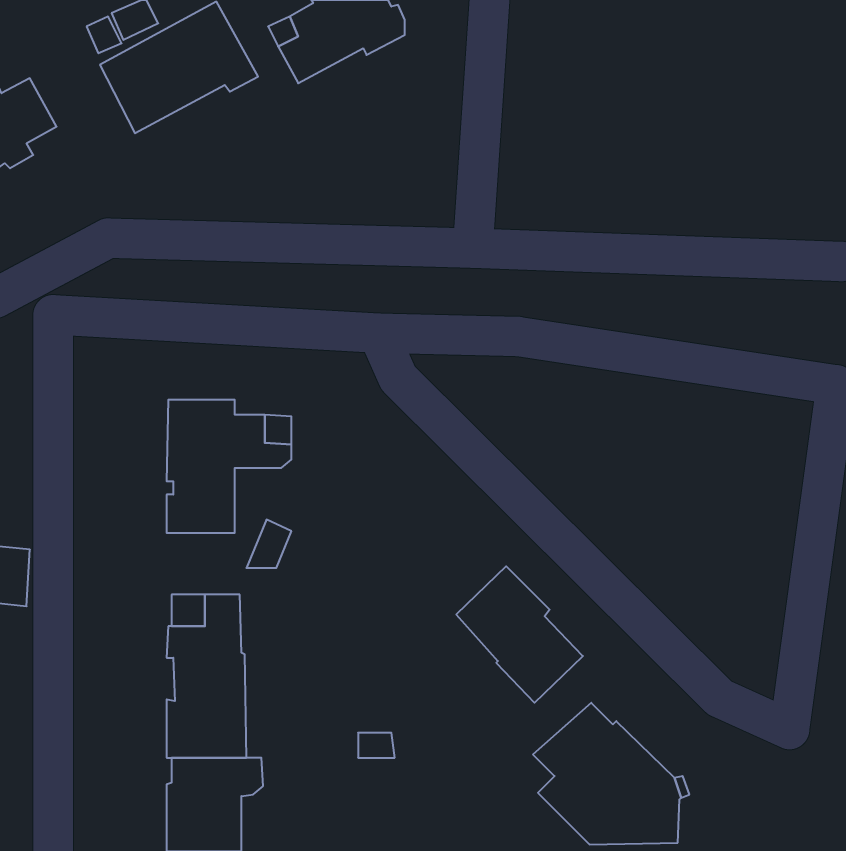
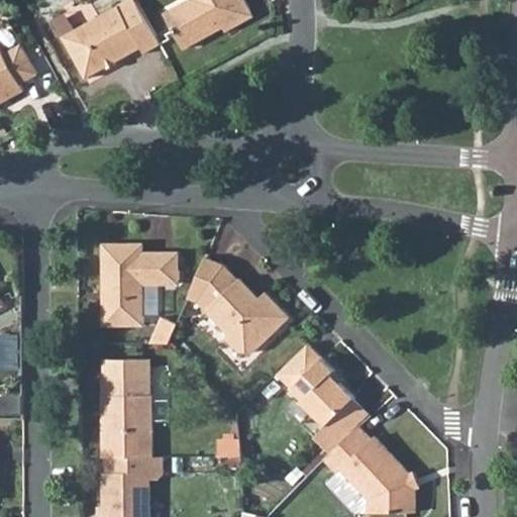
building: none -> [190,256,288,350]
building: none -> [313,398,369,451]

